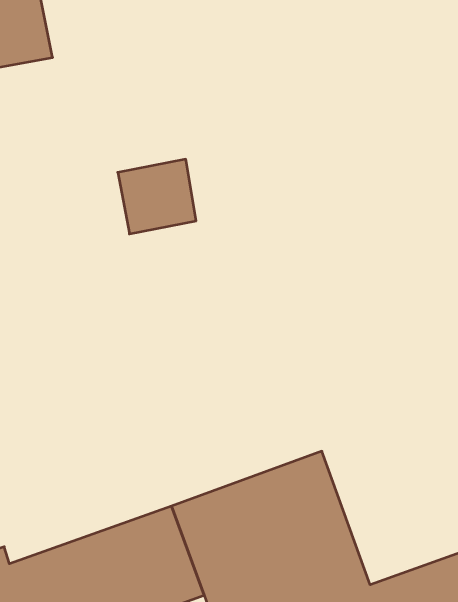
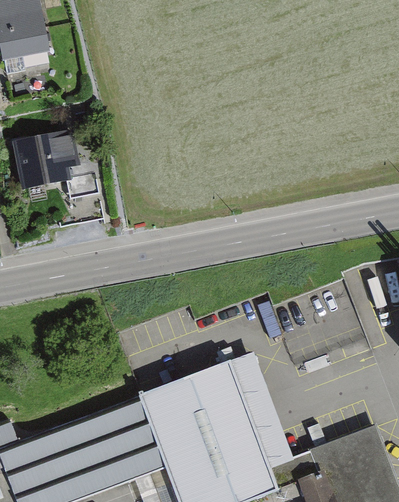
building: [118,159,196,234] -> [16,131,76,188]

